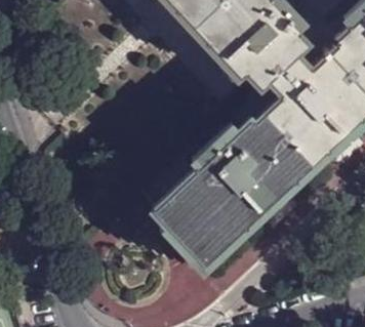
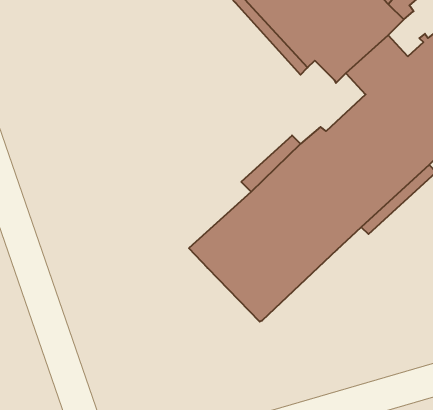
building: [166,207,273,271] -> none

